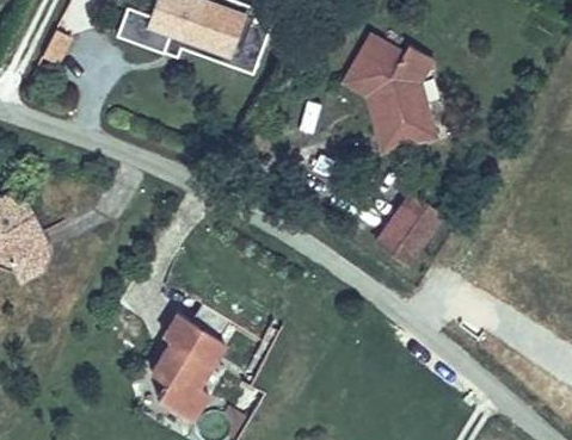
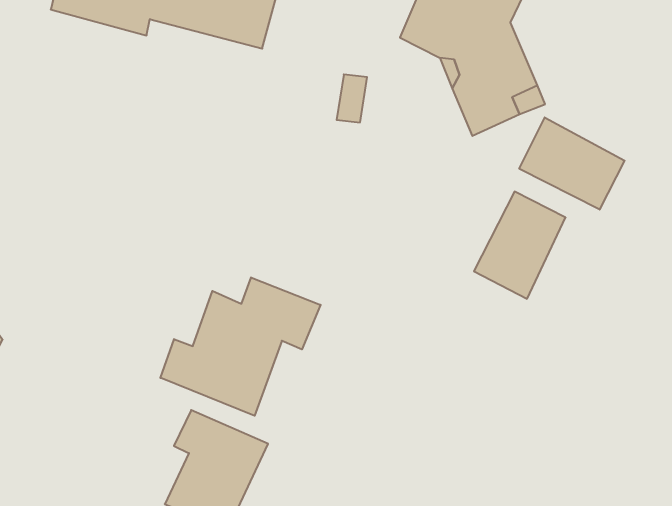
building: none -> [519,117,625,210]
building: none -> [160,277,321,416]

